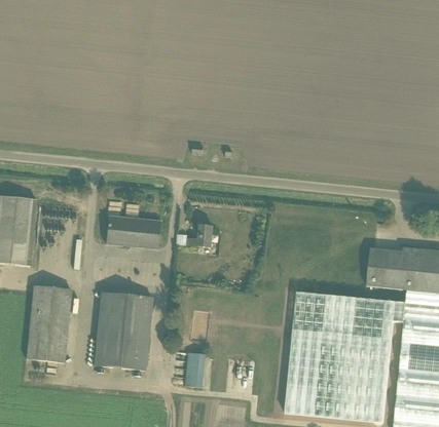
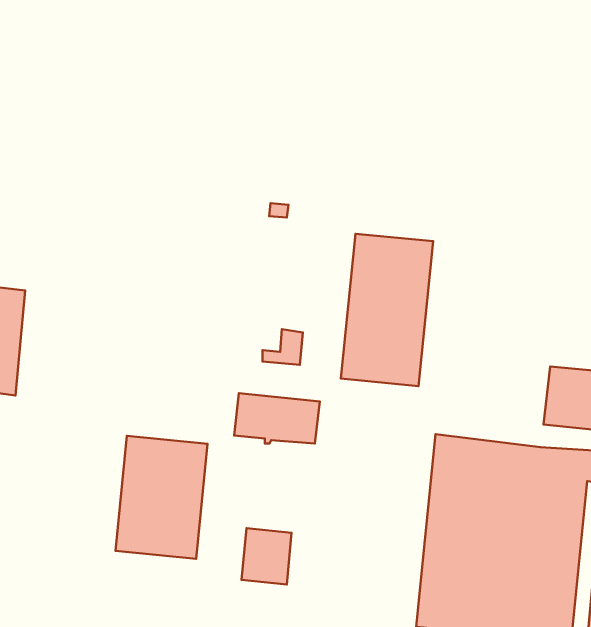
building: none -> [341,234,433,386]
building: [106,216,160,247] -> [234,393,320,443]
building: [26,285,71,361] -> none

